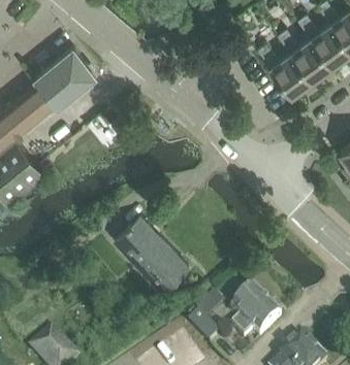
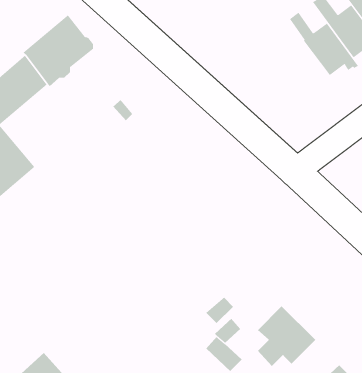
building: [115,219,189,293] -> none

